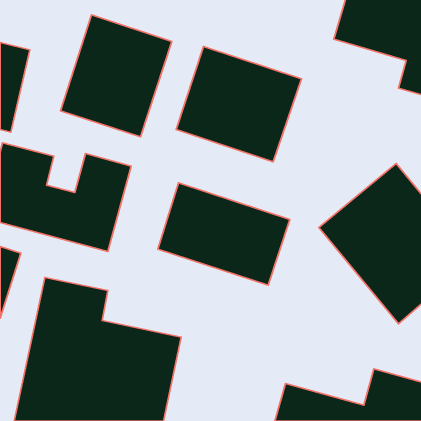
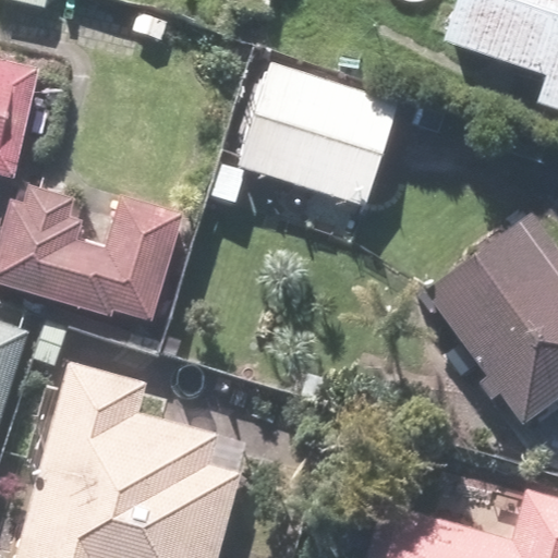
building: [60,15,172,137] -> none
building: [158,183,290,285] -> none

